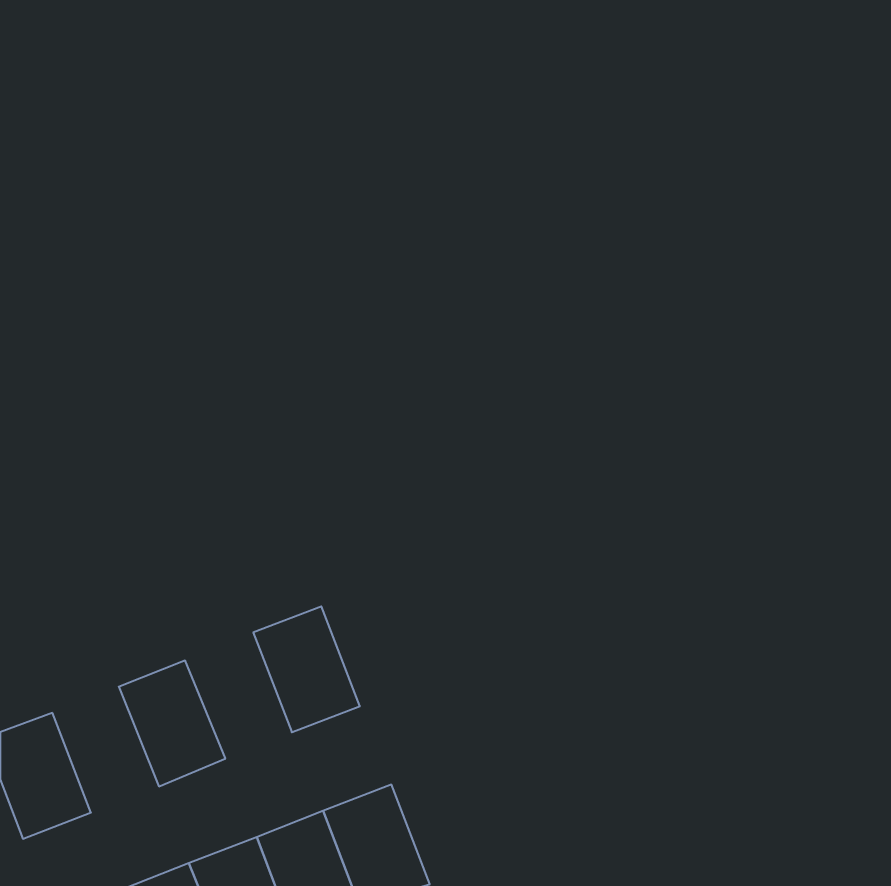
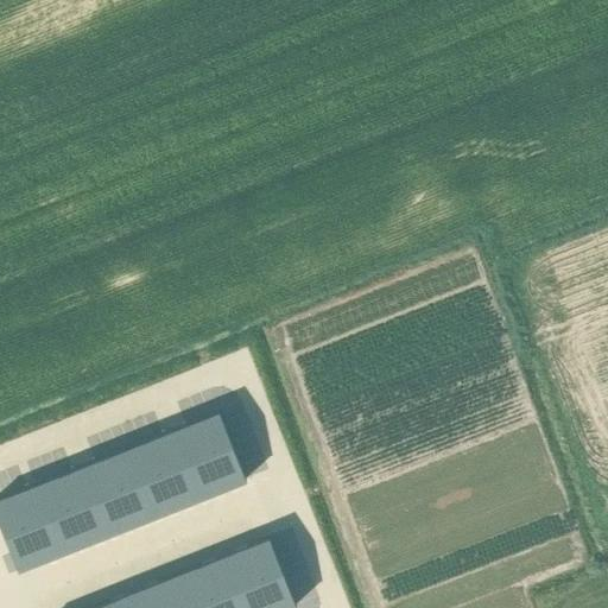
building: none -> [127,435,200,520]
building: none -> [37,471,109,557]

